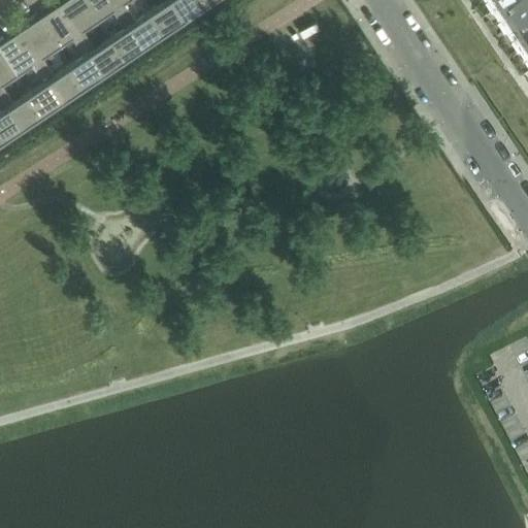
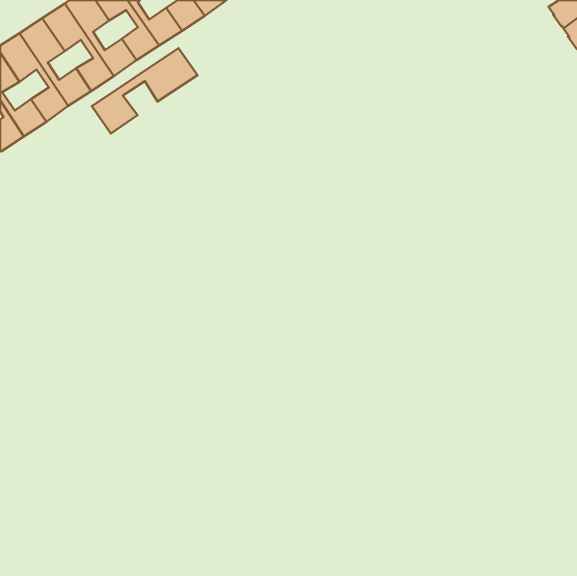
building: none -> [92,48,198,133]

